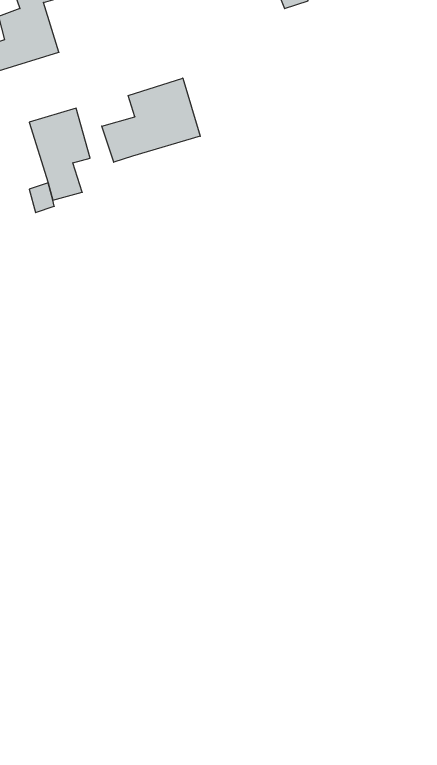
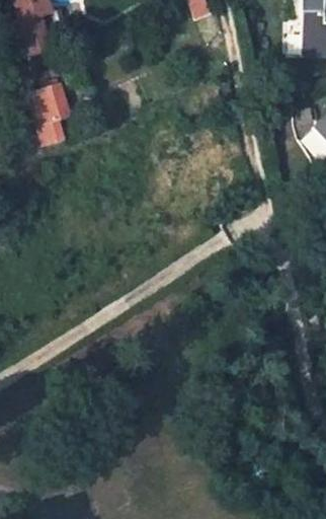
building: [102,78,200,162] -> none

